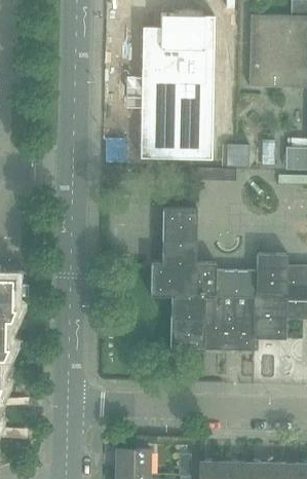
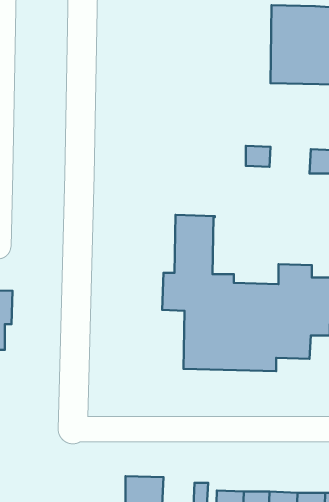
building: [140,14,215,158] -> none

